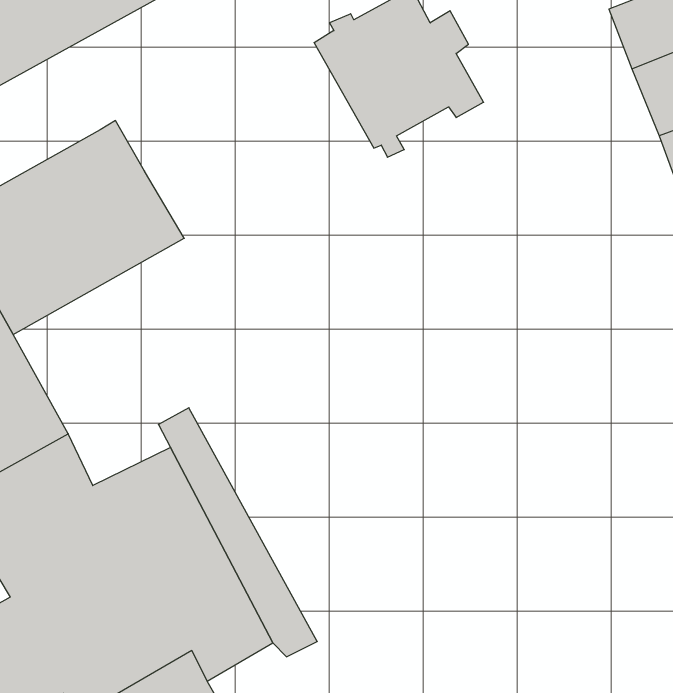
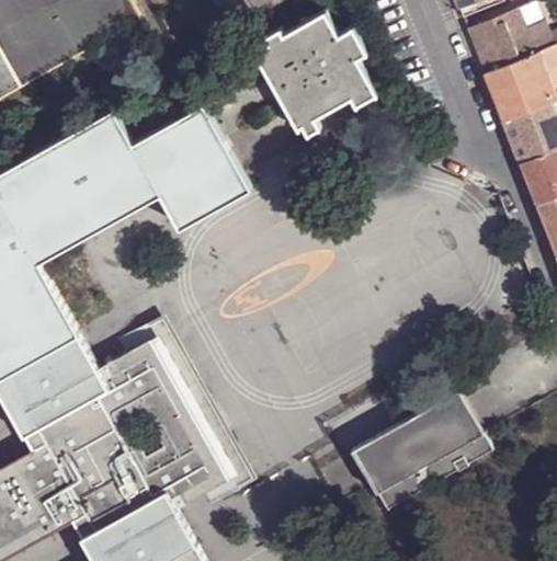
building: none -> [132,106,249,229]
building: none -> [351,392,490,511]

